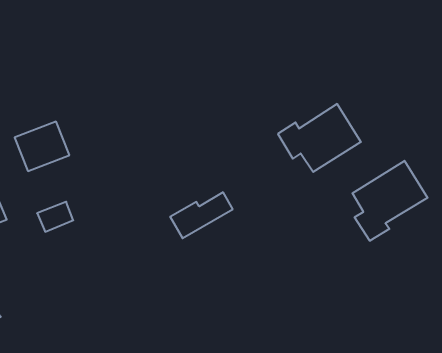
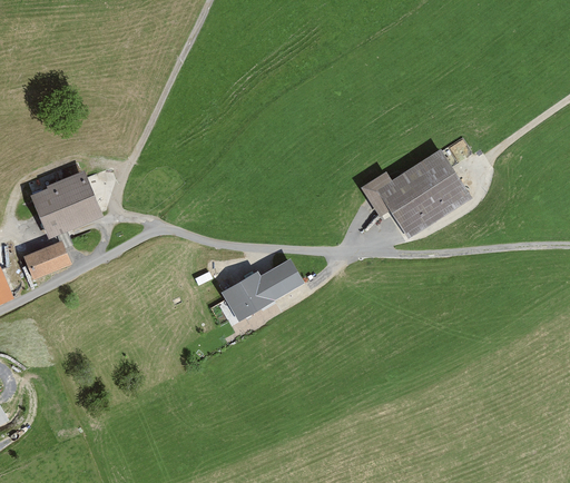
building: [352,161,428,241] -> none
building: [37,202,73,232] -> [23,241,69,279]

